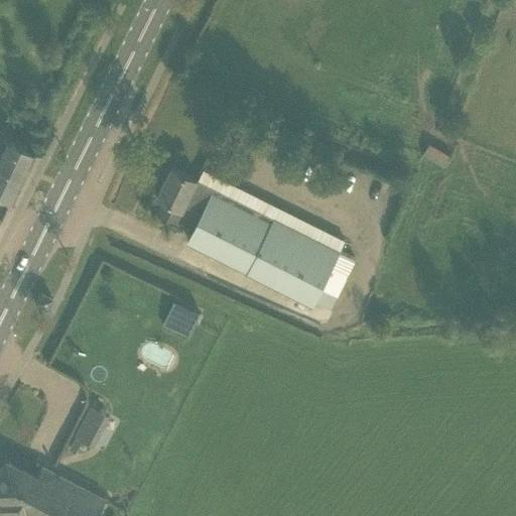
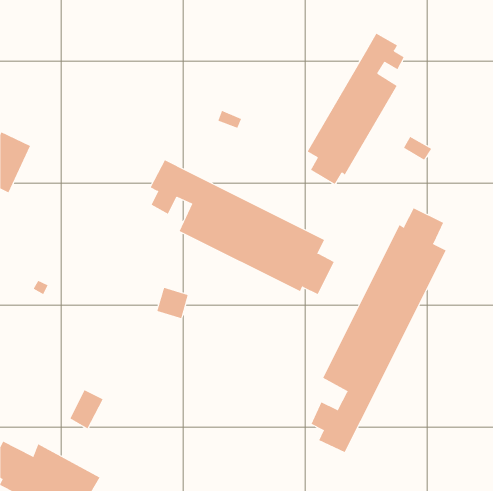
building: none -> [307,33,405,185]
building: none -> [311,207,446,453]

